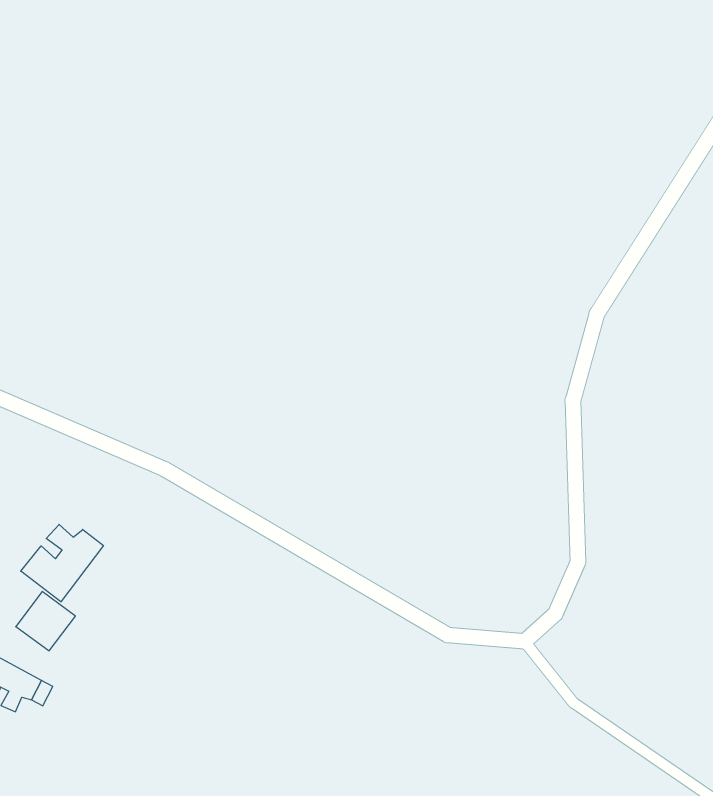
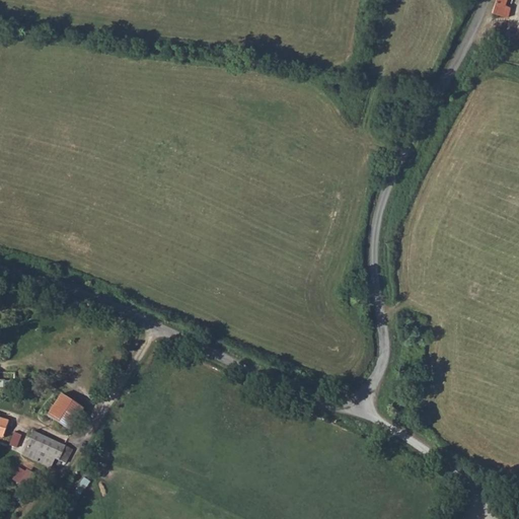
building: [21,524,103,602] -> none

